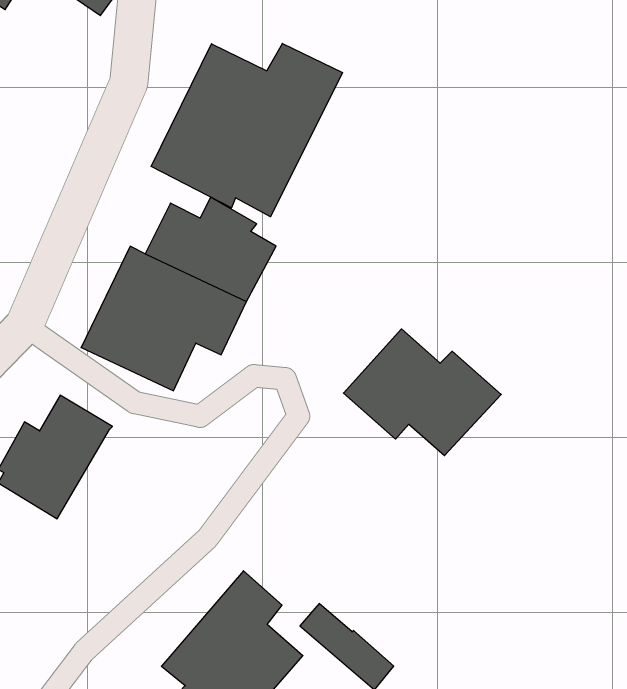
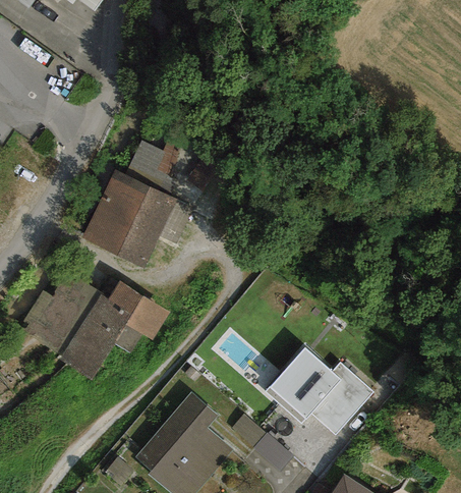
building: [151,43,343,217] -> none
building: [343,329,501,456] -> [266,347,373,434]
building: none -> [61,281,172,378]

